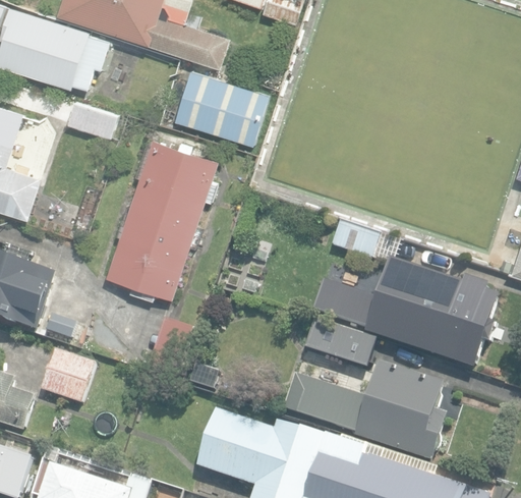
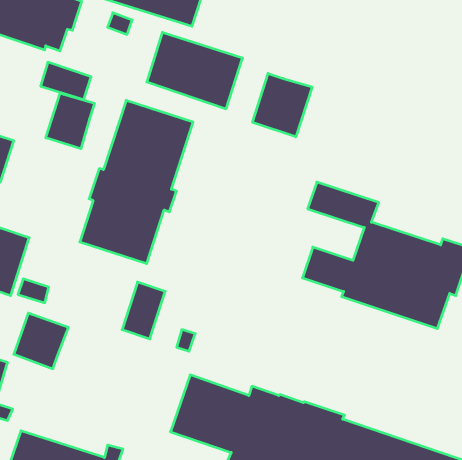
building: none -> [253,73,312,137]
building: none -> [46,93,94,149]
building: [312,324,374,368] -> none
building: [282,364,448,460] -> none

